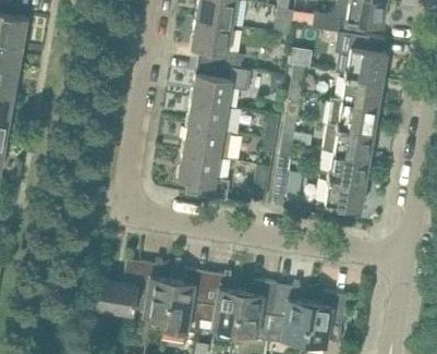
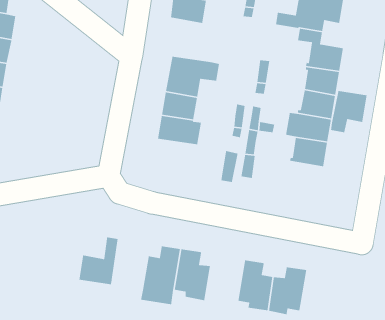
building: [191,21,243,69] -> none
building: none -> [330,90,367,133]
building: [178,154,229,200] -> none
building: [325,178,365,211] -> none
building: [133,261,172,319] -> none
building: [234,281,278,342] -> none

